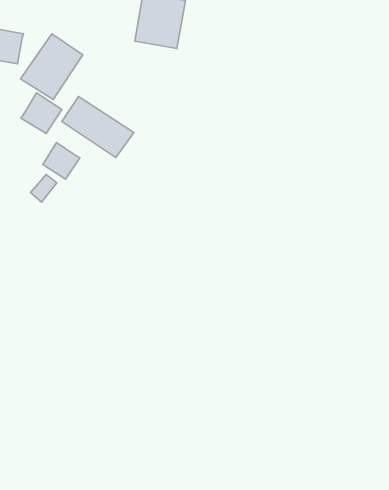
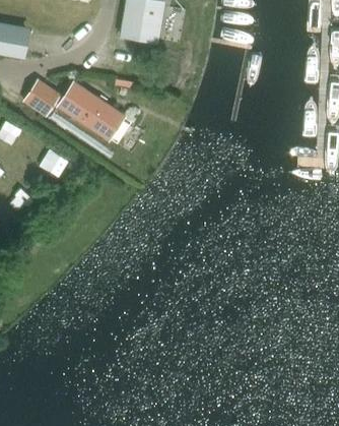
building: [21,34,83,100] -> none
building: [43,142,80,179] -> none

